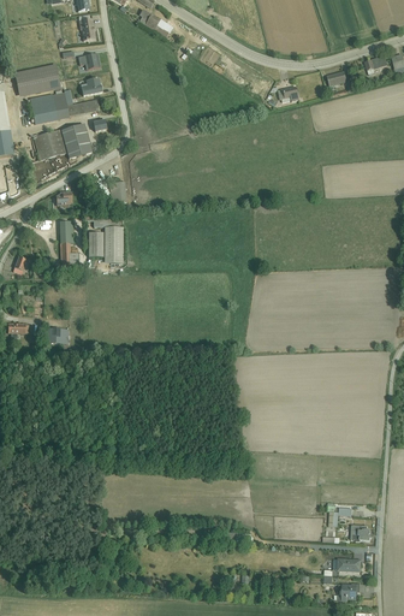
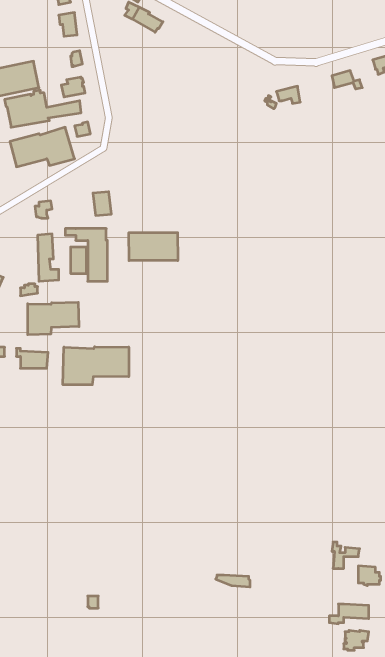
building: none -> [129,233,178,261]
building: none -> [28,302,79,335]
building: none -> [63,347,129,385]

